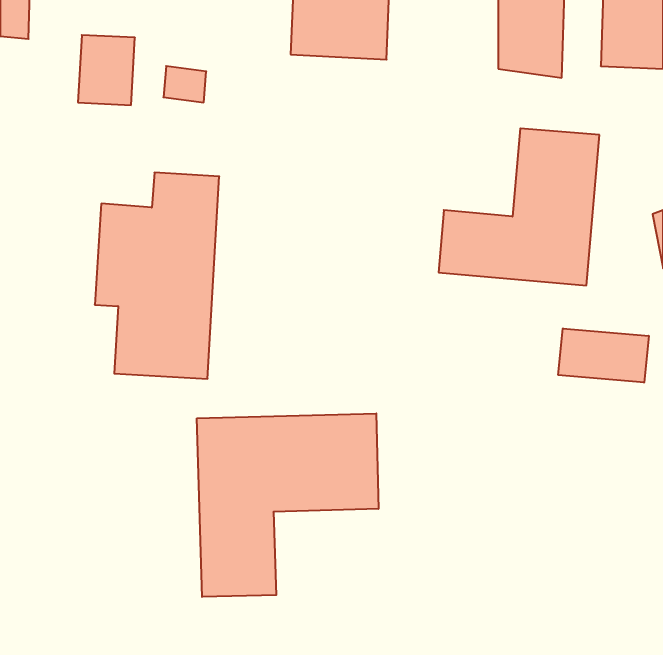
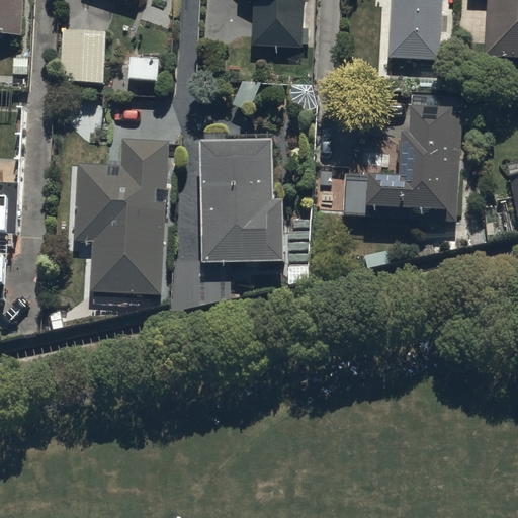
building: none -> [202,140,279,265]
building: [558,328,649,383] -> none
building: [197,413,378,597] -> none

